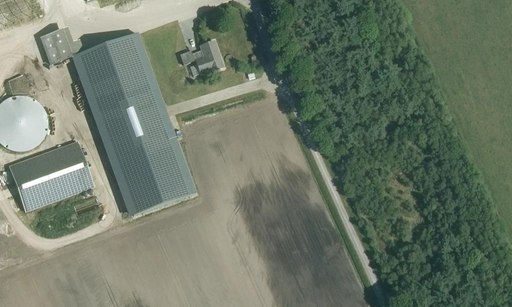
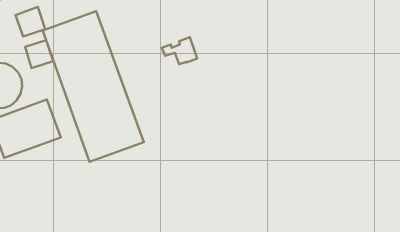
building: [179,41,222,74] -> [162,37,197,64]
building: none -> [25,40,53,68]

